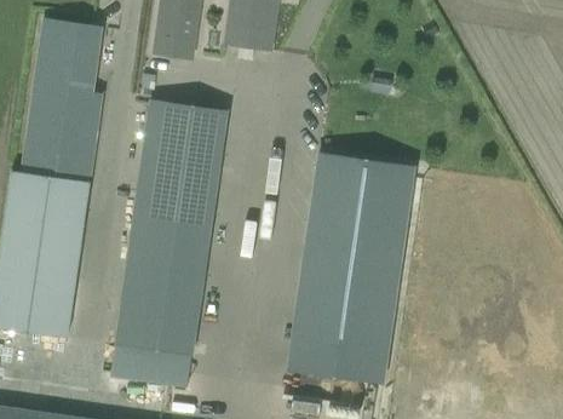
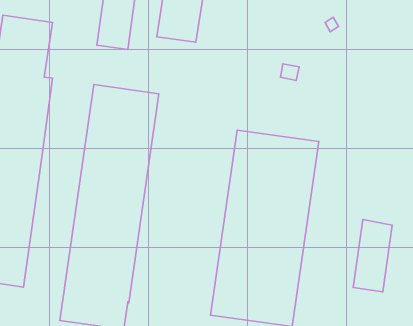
building: none -> [353,219,392,292]

